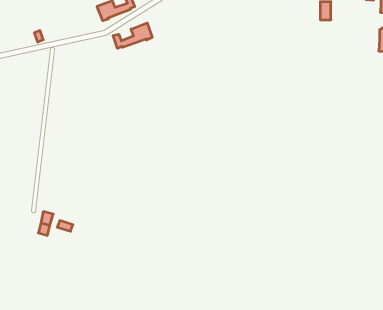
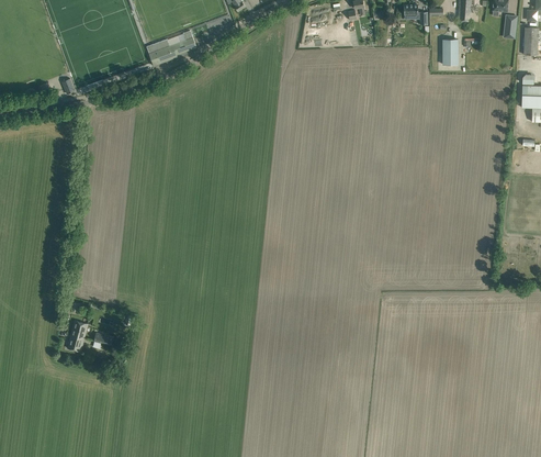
building: [113,23,152,48] -> none

